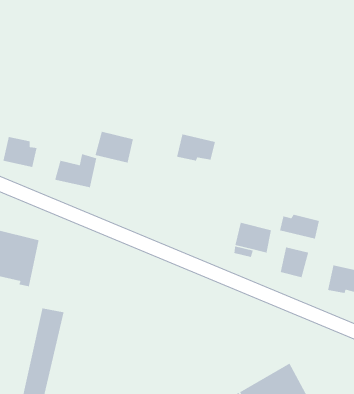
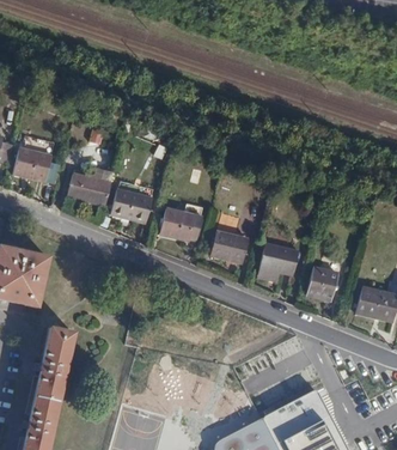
building: [94,131,134,163] -> [109,188,151,223]
building: [176,133,216,162] -> [158,207,200,237]
building: none -> [210,229,246,260]
building: [279,214,320,240] -> none

